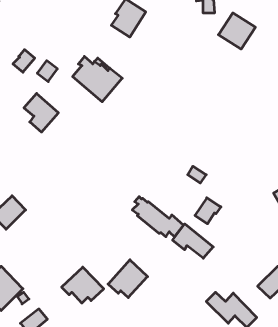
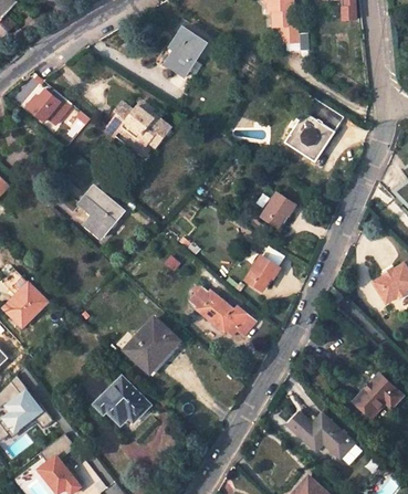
building: [218,13,255,49] -> [285,113,334,160]
building: [24,93,58,132] -> [79,188,124,239]
building: none -> [262,192,295,227]
building: [195,198,221,224] -> [245,256,280,291]
building: [173,224,213,258] -> none
building: [108,260,148,298] -> [125,319,177,369]

